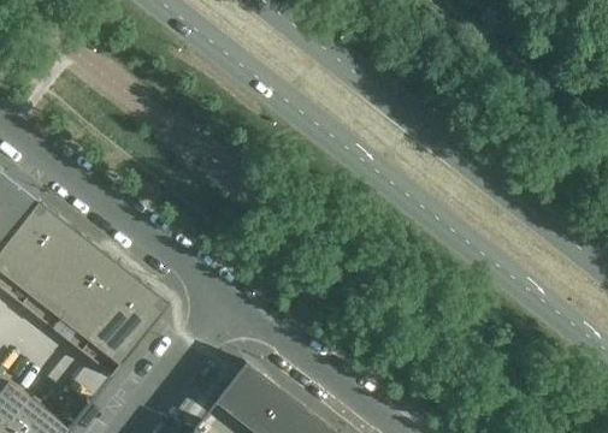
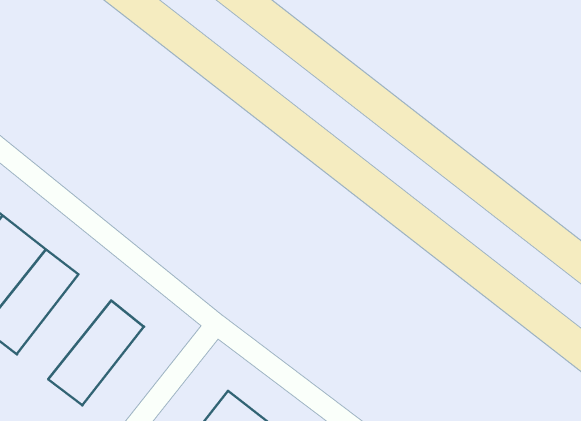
building: [51,254,137,350] -> none

